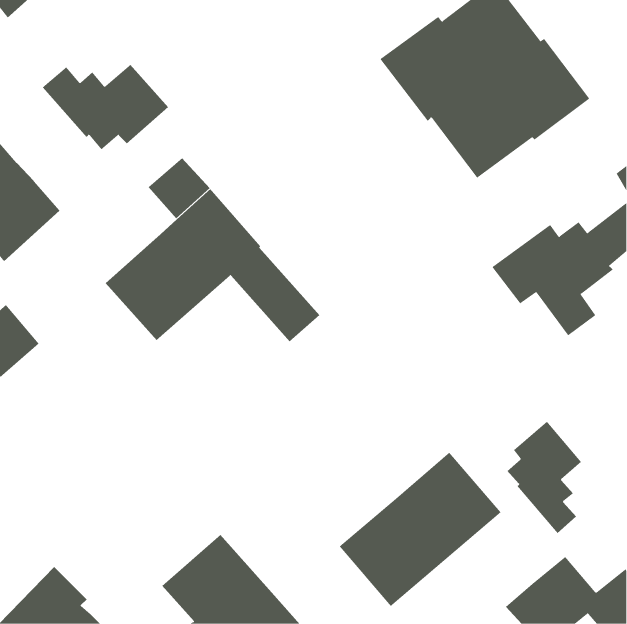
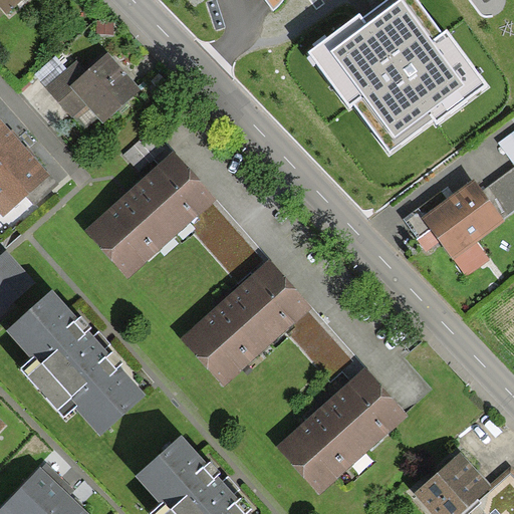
building: none -> [182,262,351,386]
building: none -> [5,290,149,442]
building: [507,421,582,534] -> none

